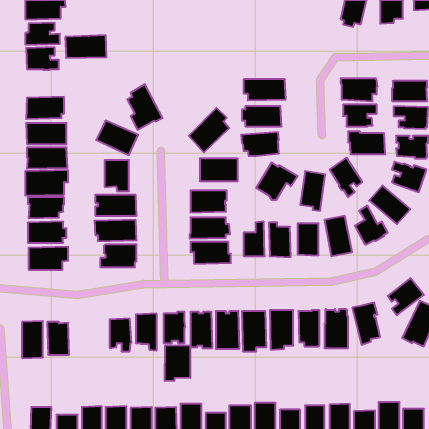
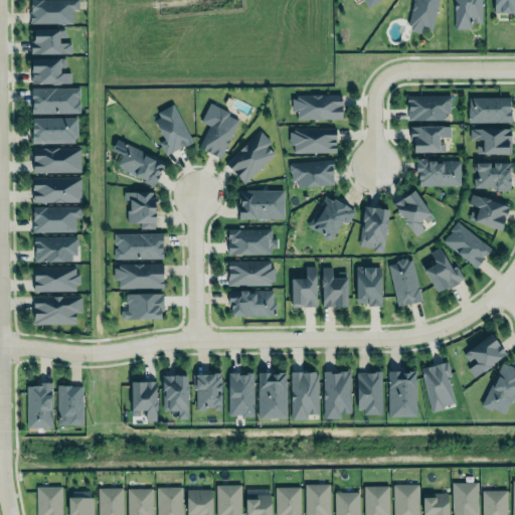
building: [65,35,107,58] -> [32,89,81,116]
building: none -> [198,102,239,160]
building: [165,345,190,381] -> none

